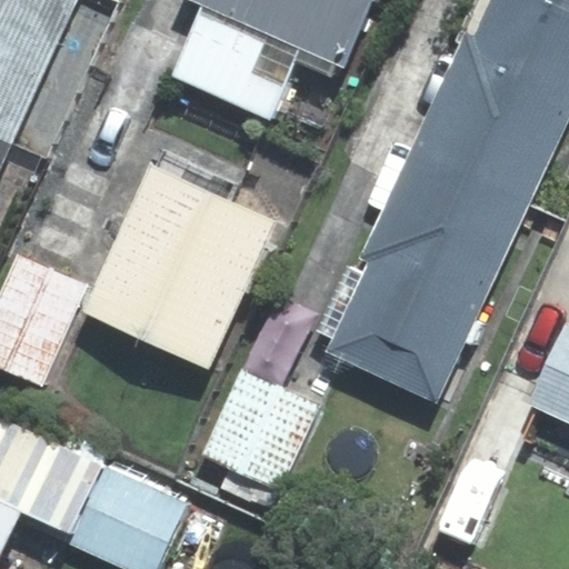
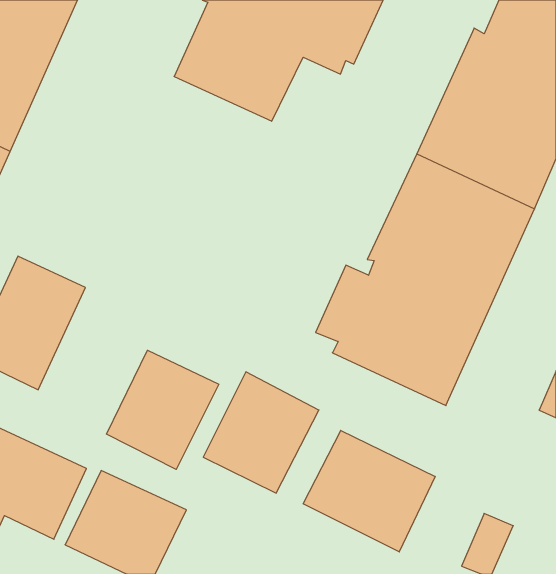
building: [92,164,281,366] -> none
building: none -> [107,350,219,469]
building: none -> [303,430,435,552]

